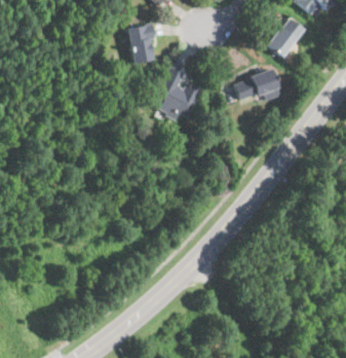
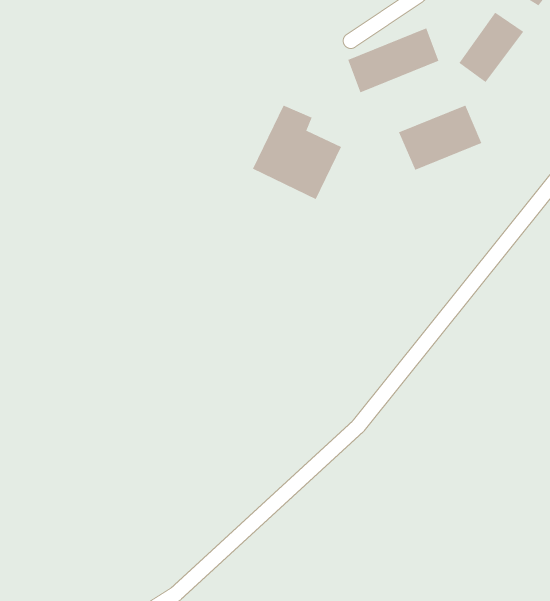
building: none -> [348,27,439,93]
building: [128,25,157,65] -> none

